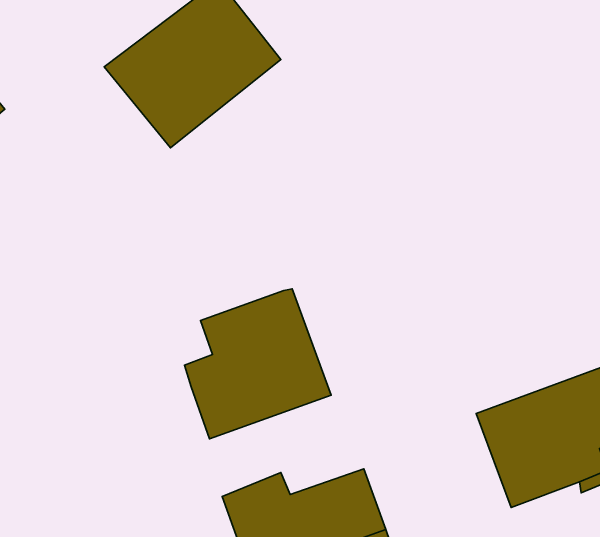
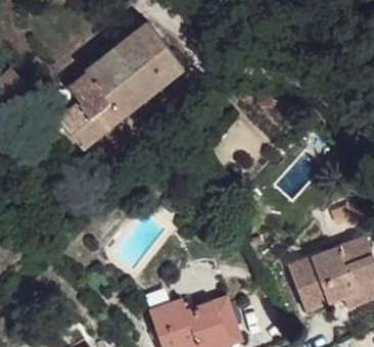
building: none -> [55,71,121,151]
building: [185,289,331,439] -> none

